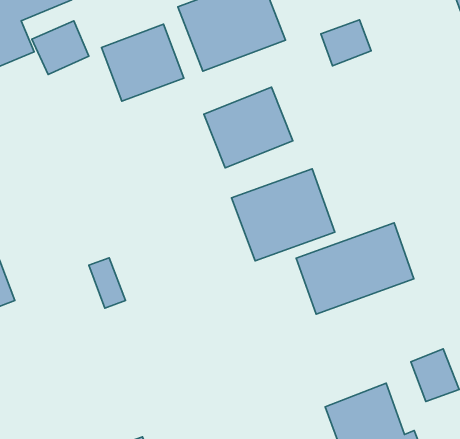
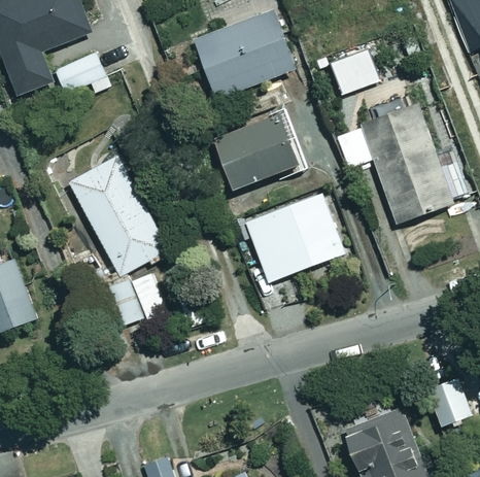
building: [102,24,184,101] -> none
building: none -> [336,105,456,227]
building: none -> [70,155,171,277]
building: [296,223,414,314] -> none

